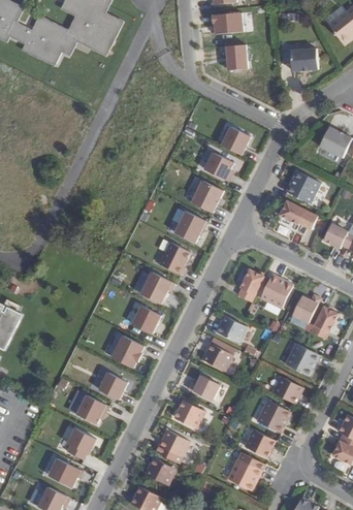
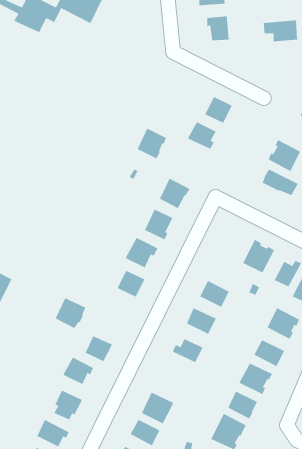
building: [190,180,221,212] -> [137,128,167,159]
building: [236,268,263,301] -> none
building: [110,334,142,366] -> [55,298,86,329]
building: [173,400,204,428] -> none

